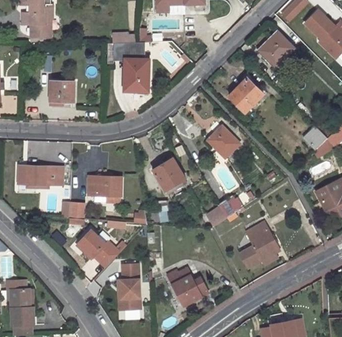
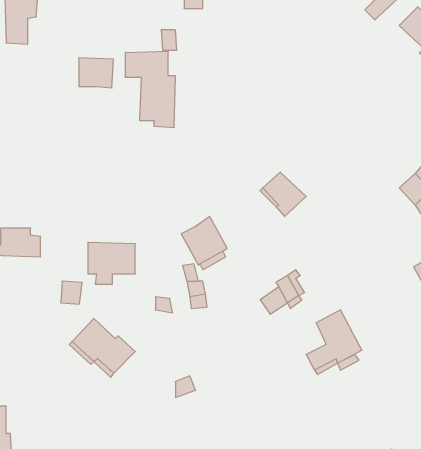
building: [258,30,296,68] -> none
building: [229,77,264,112] -> none
building: [50,80,74,101] -> [79,58,113,88]
building: [121,263,141,309] -> none
building: [168,268,206,306] -> none

